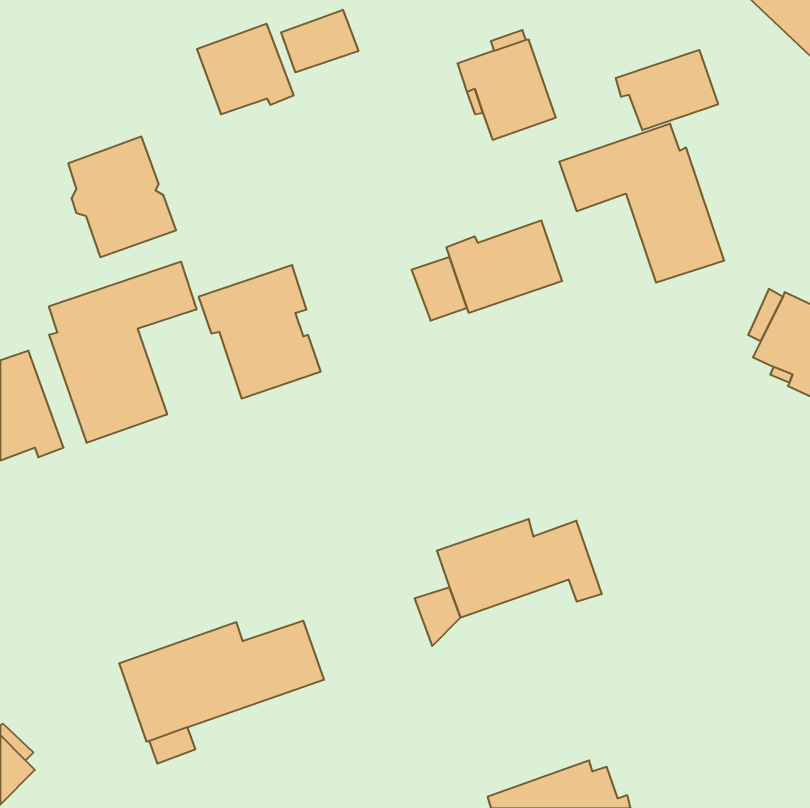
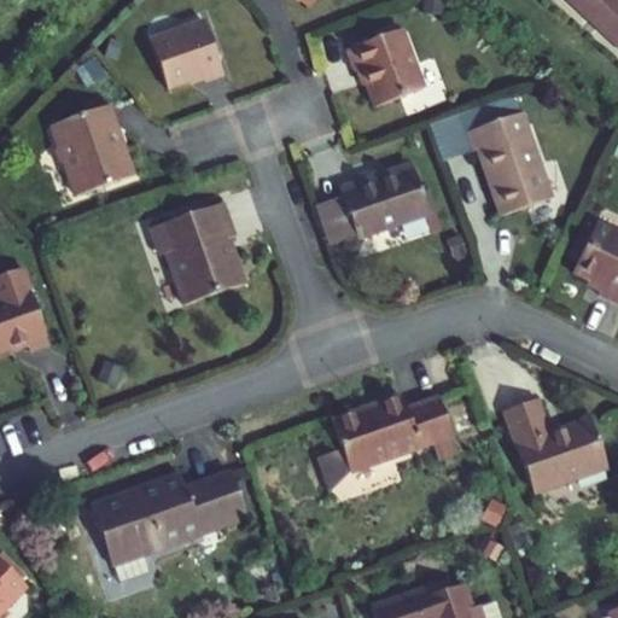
building: [281,10,358,72] -> none
building: [616,50,718,130] -> none
building: [49,262,196,443] -> none
building: none -> [505,398,607,491]

